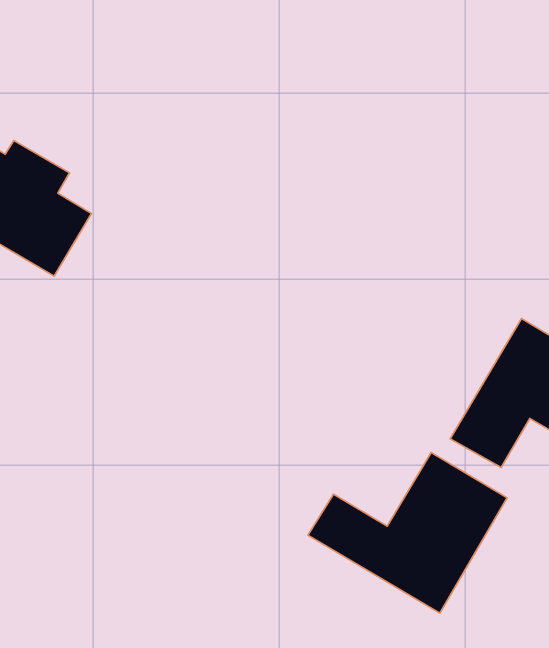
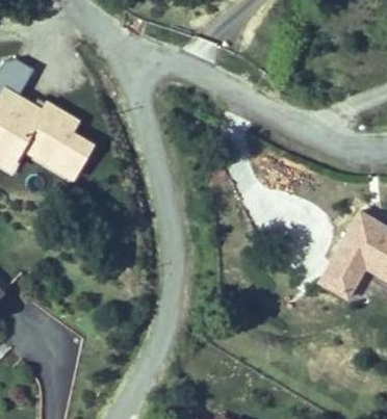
building: [308,453,507,613] -> none

